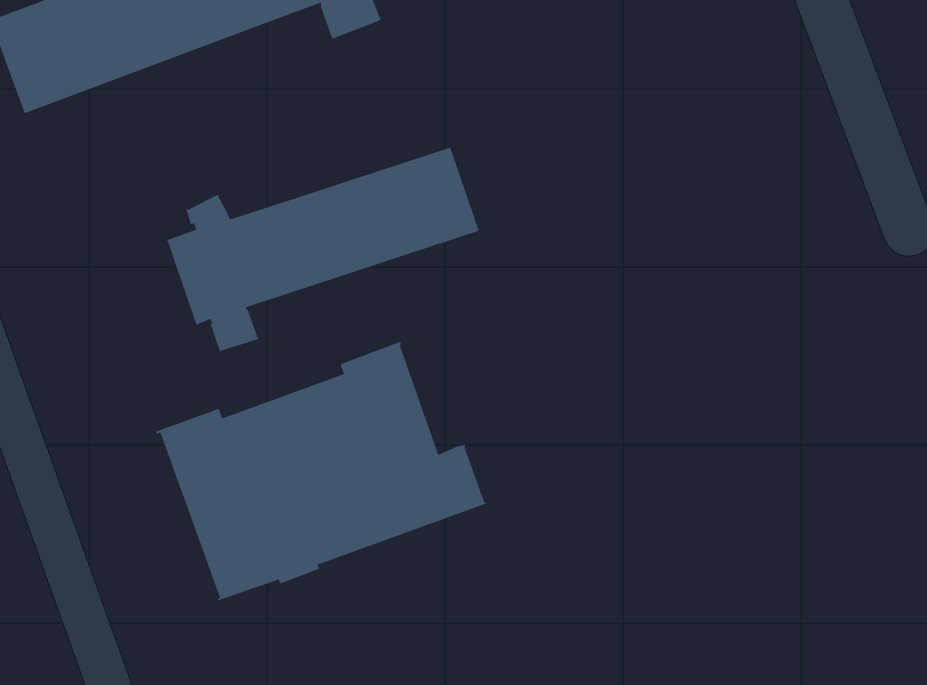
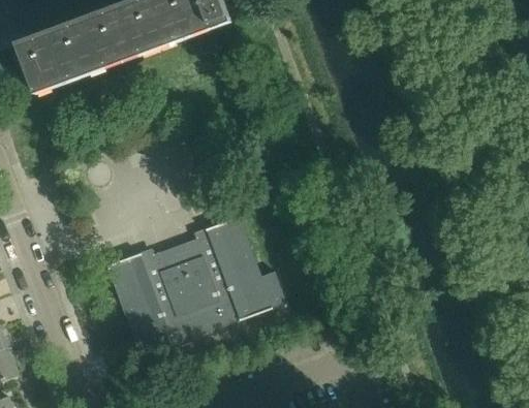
building: [165,147,479,352] -> none

